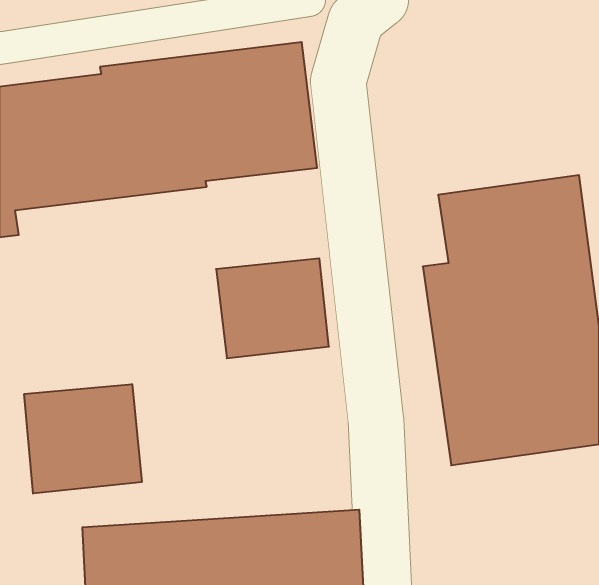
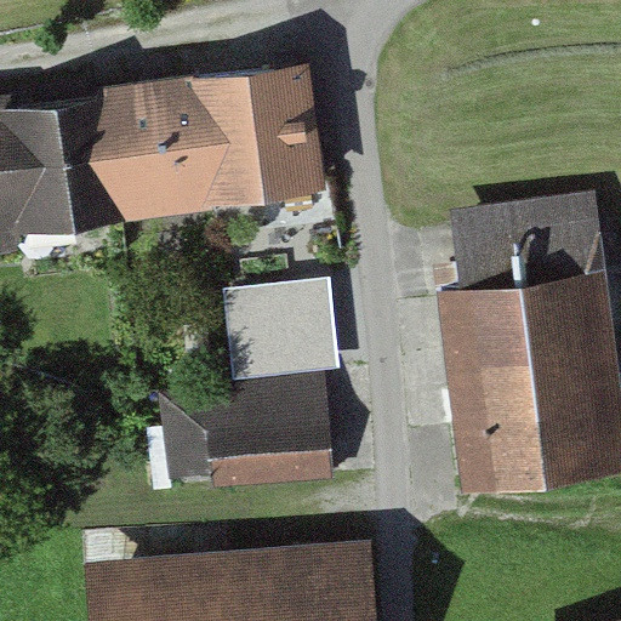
building: none -> [159,380,334,492]
building: [24,384,142,494] -> none

